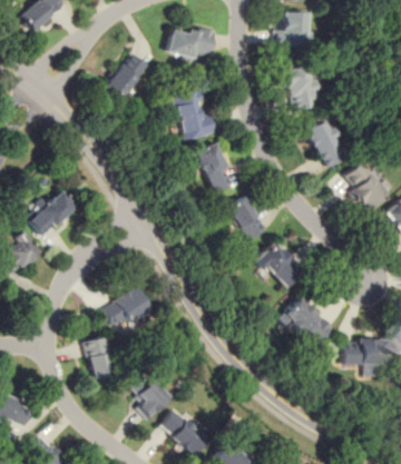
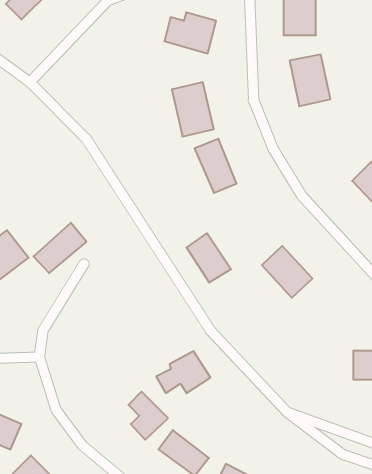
building: [106,52,148,98] -> none
building: [304,118,348,170] -> none
building: [30,190,79,237] -> [33,223,86,273]
building: [227,195,268,240] -> [186,233,231,283]
building: [104,287,154,326] -> [156,351,210,393]
building: [283,297,333,348] -> none
building: [86,337,116,382] -> none

